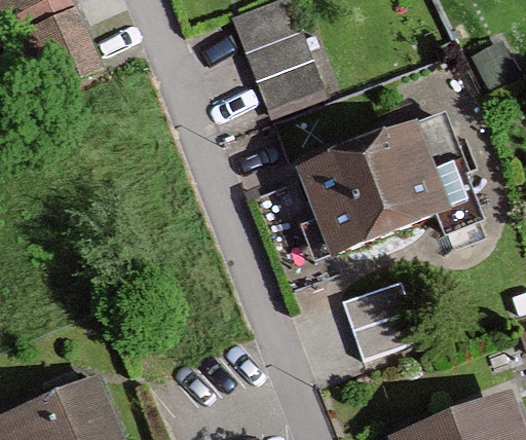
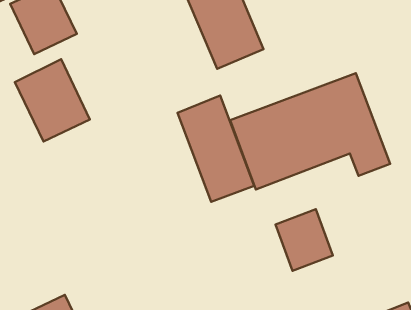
building: none -> [15,59,90,141]
building: none -> [177,96,254,202]

